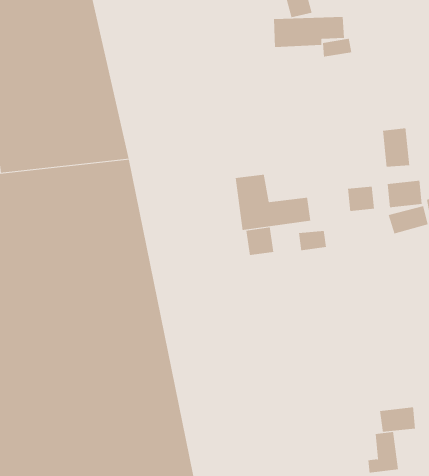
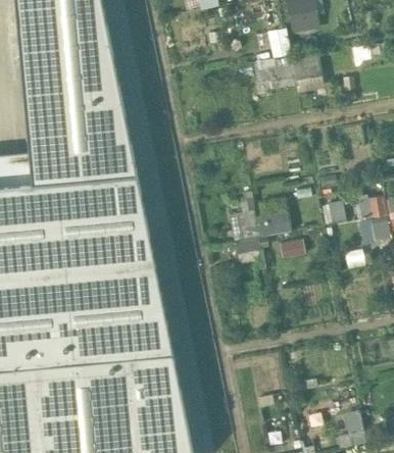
building: [382,127,410,167] -> none
building: [379,406,415,433] -> none

